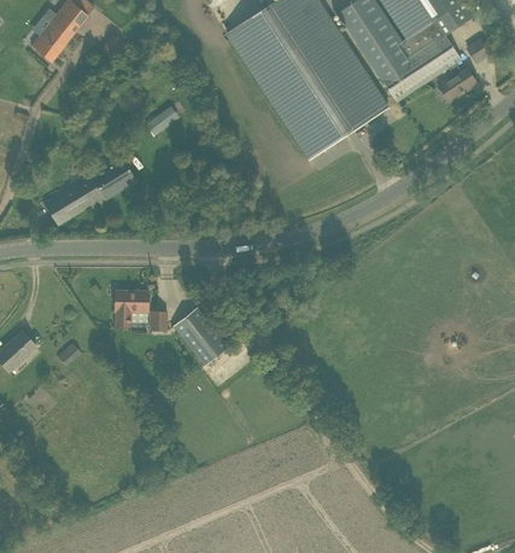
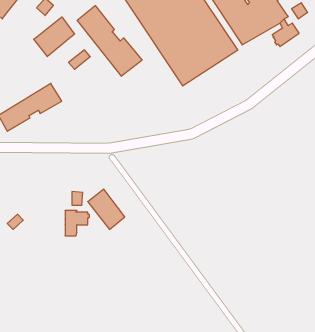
building: none -> [77,6,142,76]
building: none -> [34,17,75,57]
building: [113,290,148,326] -> [65,211,89,236]

